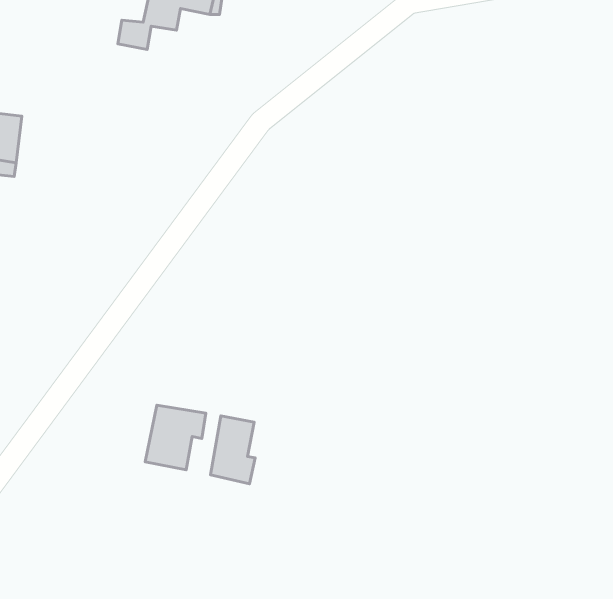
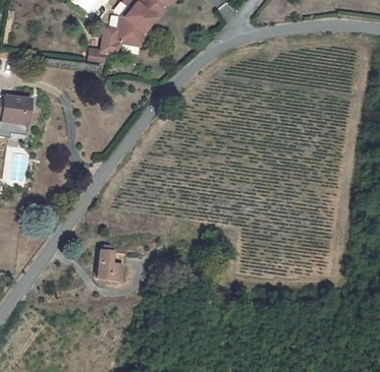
building: [211,416,255,484] -> none

